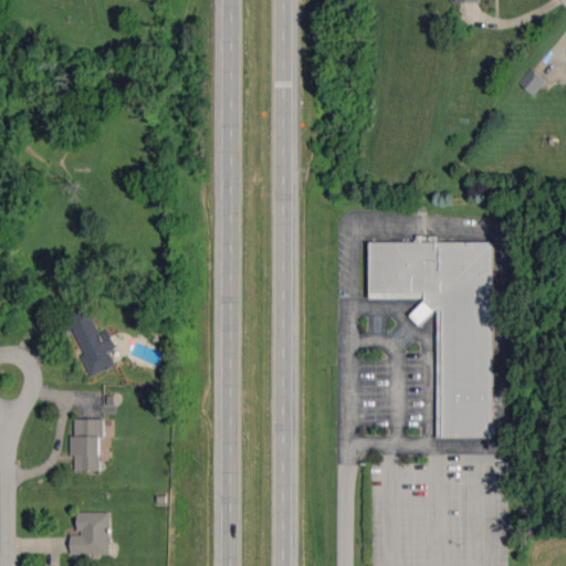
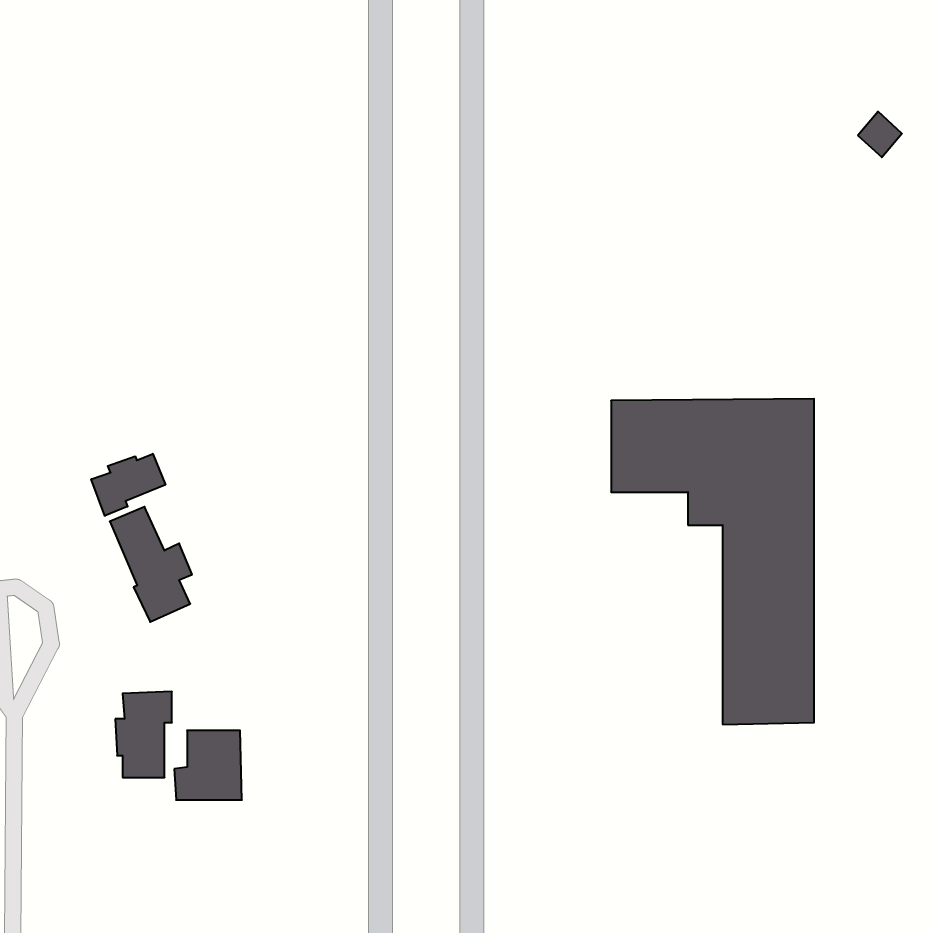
building: none -> [91,454,165,516]
building: [70,513,111,555] -> [174,730,242,800]

